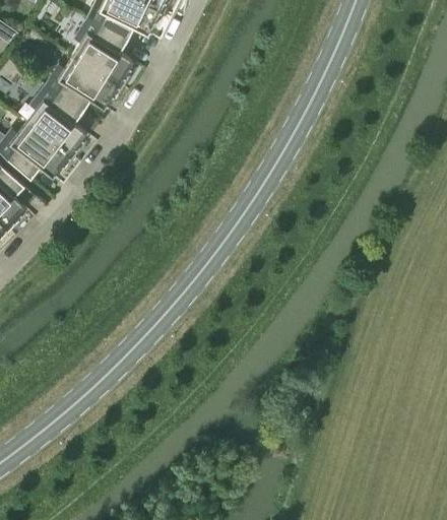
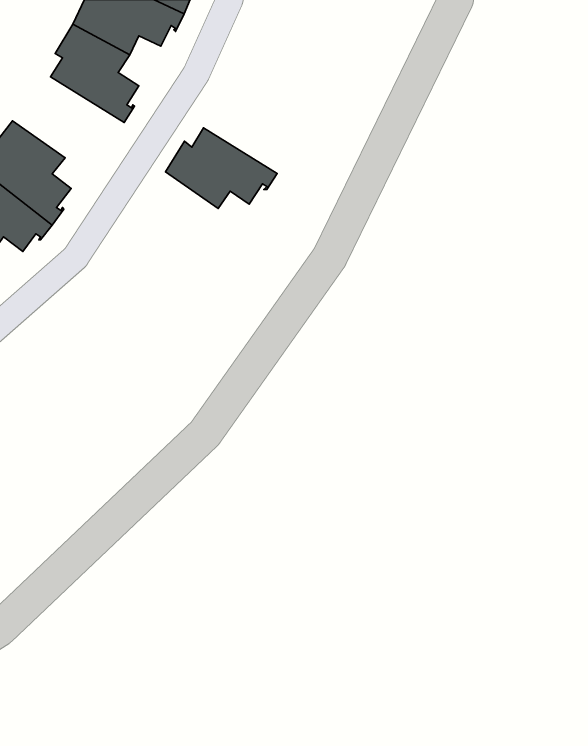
building: [45,56,122,112] -> [165,128,277,209]

